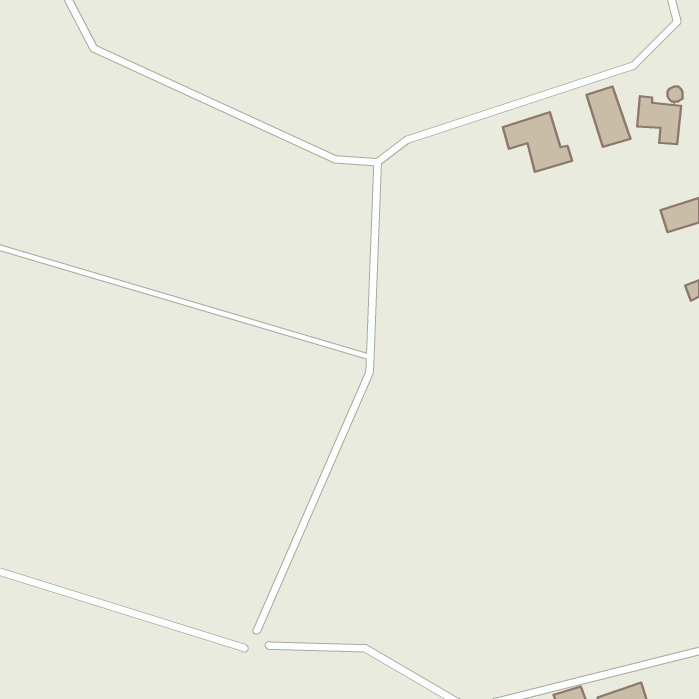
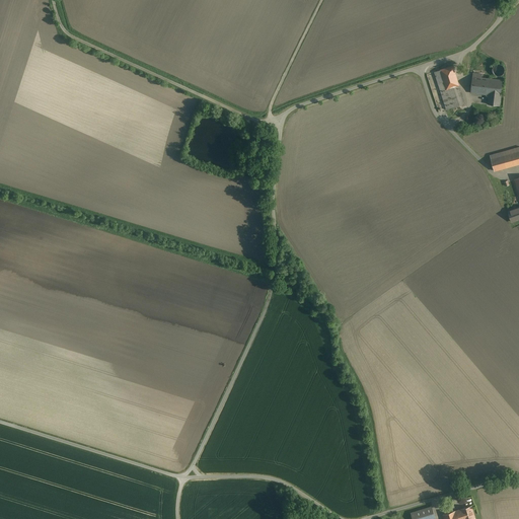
building: [503,112,572,172] -> none

